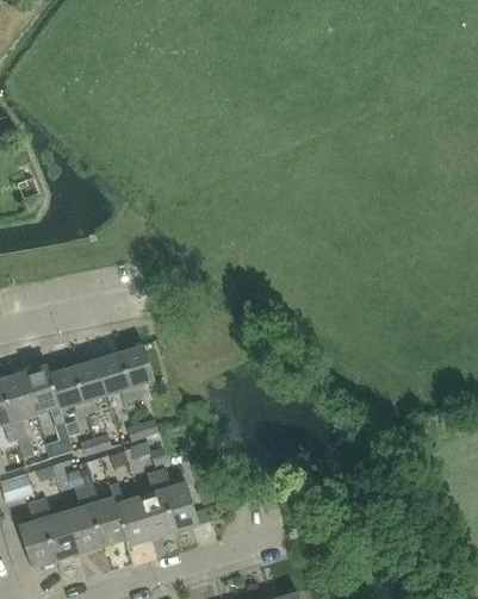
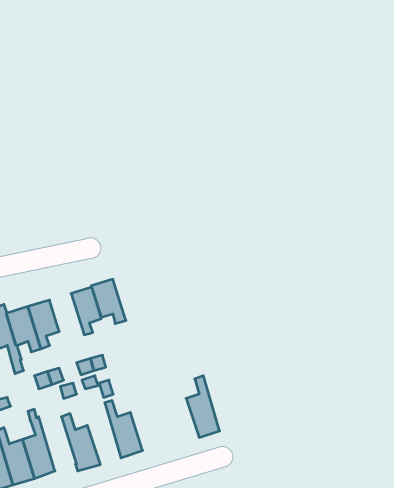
building: [97,351,135,400] -> [91,279,126,324]
building: [138,472,175,539] -> [186,376,220,437]
building: [85,485,126,547] -> none

